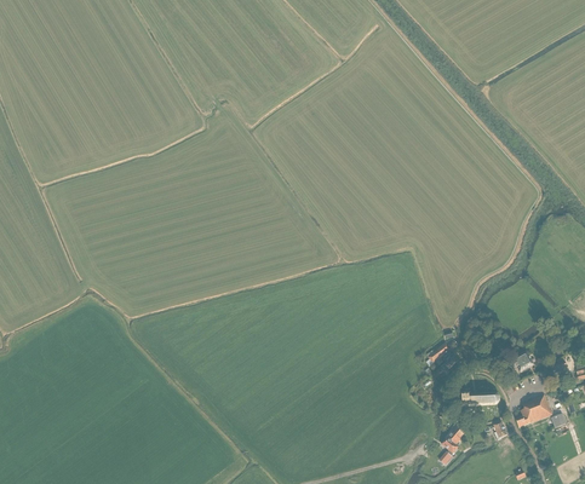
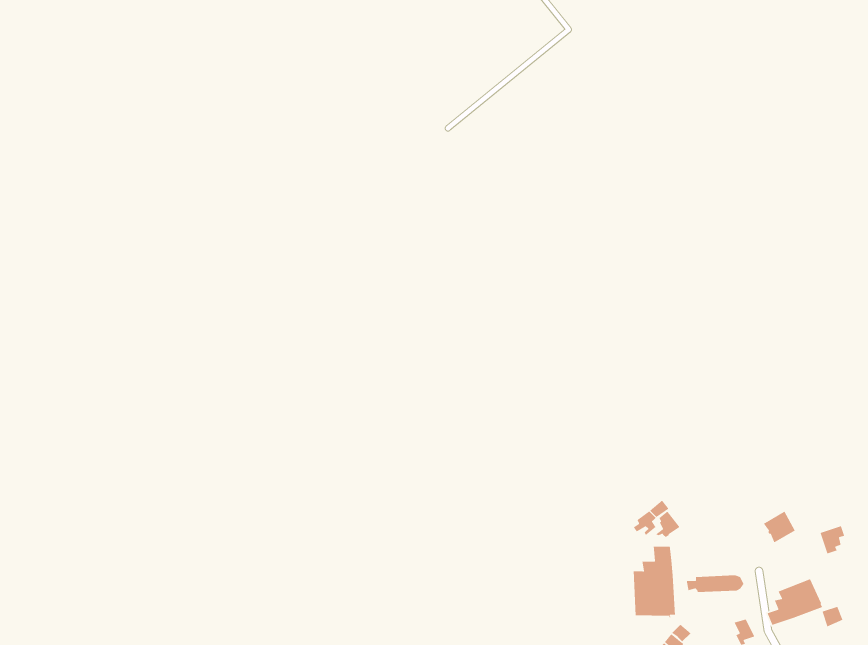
building: none -> [633,546,676,618]

